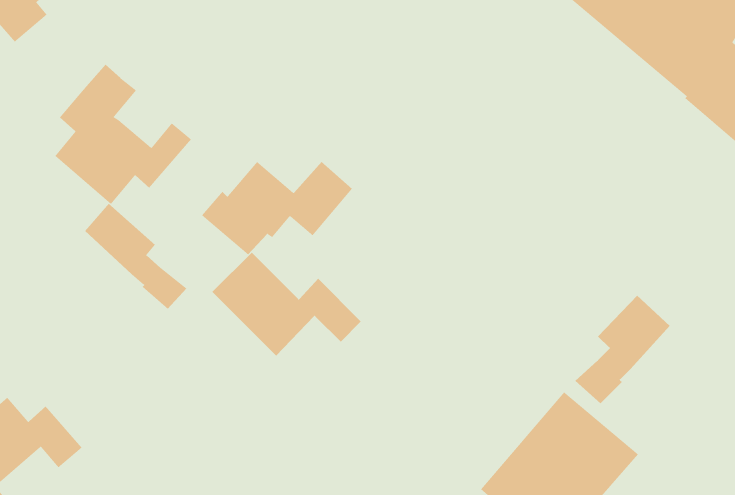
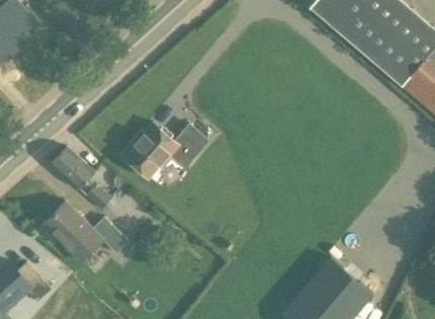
building: [54,64,192,205] -> none
building: [212,252,362,357] -> [42,202,129,262]
building: [574,295,671,404] -> none

